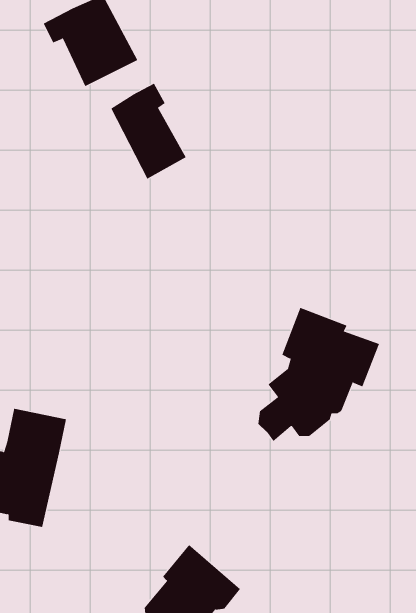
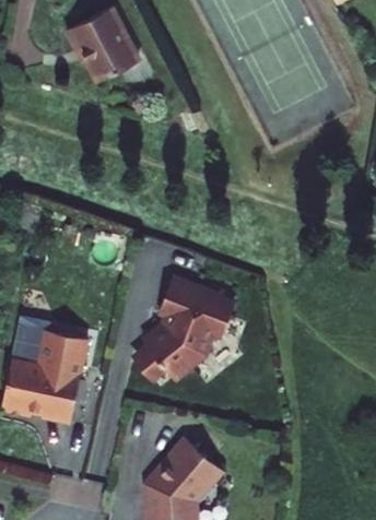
building: [110,83,187,179] -> none
building: [258,307,380,442] -> [139,275,234,380]

